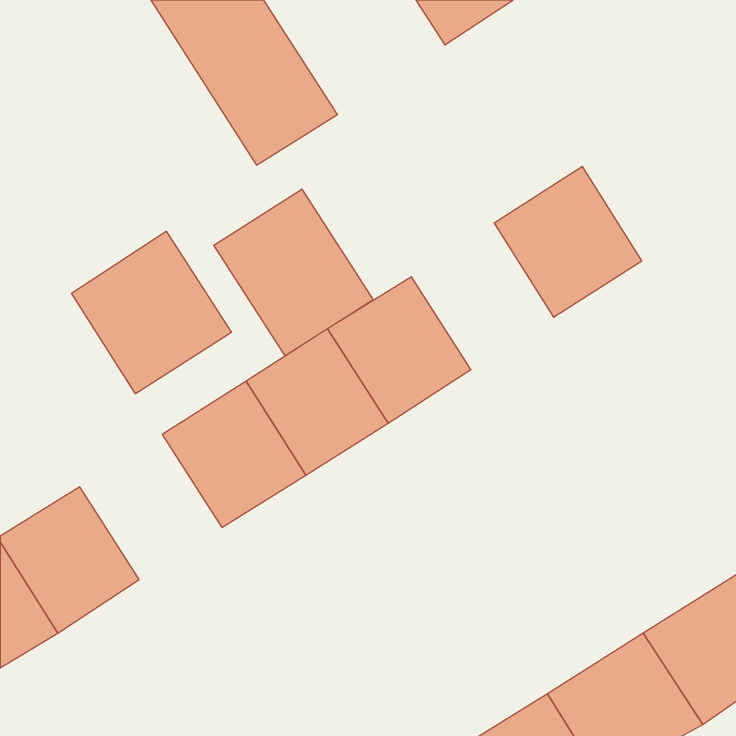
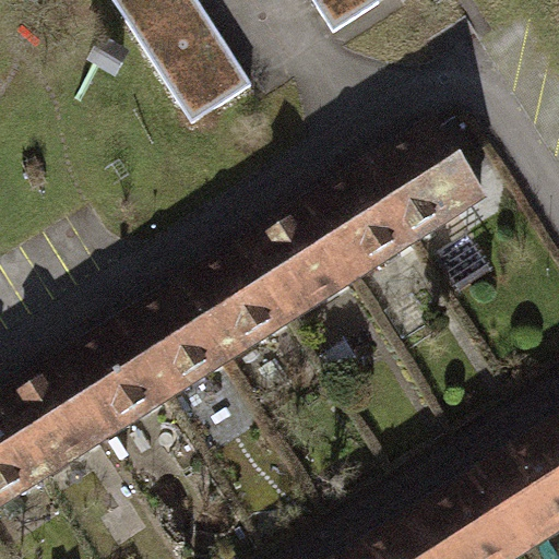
building: [214,189,373,356] -> none
building: none -> [313,171,420,282]
building: [72,231,232,394] -> none
building: none -> [63,331,170,440]

